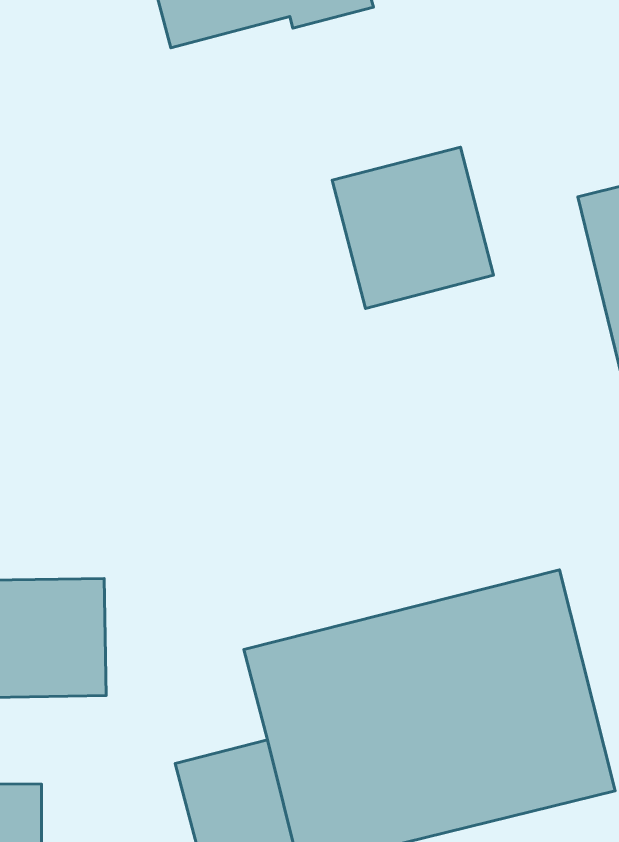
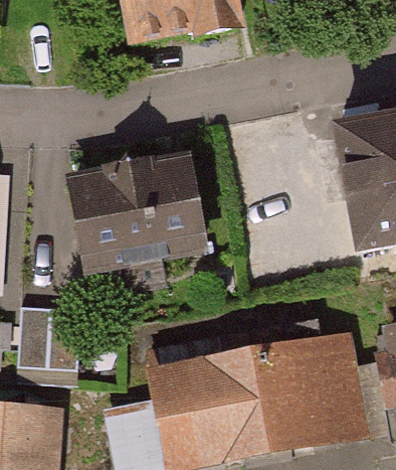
building: [332,147,494,309] -> none
building: none -> [74,160,203,271]

